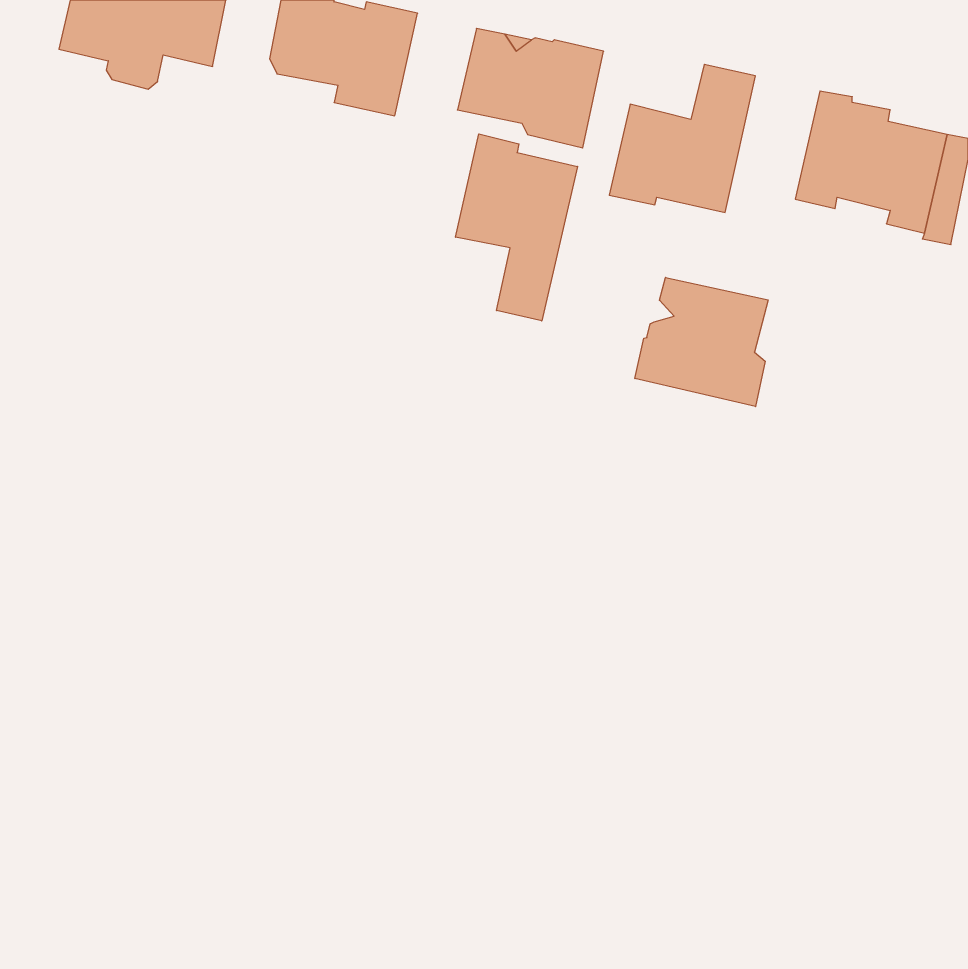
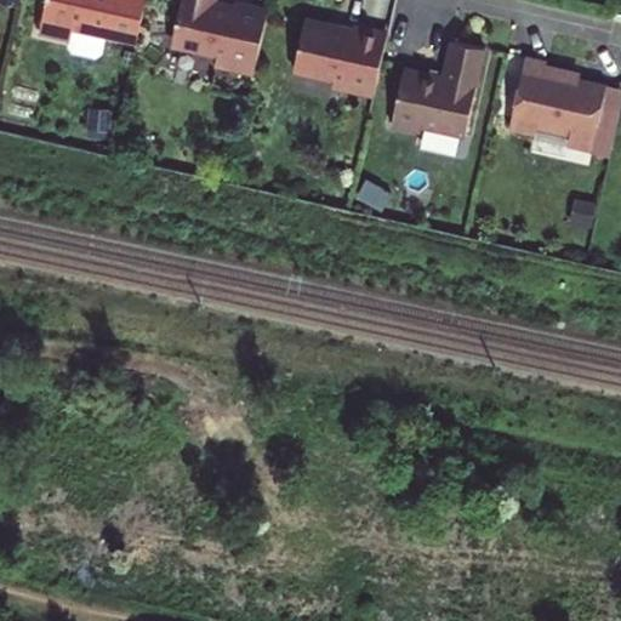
building: [456,134,578,321] -> none
building: [635,277,768,407] -> none

